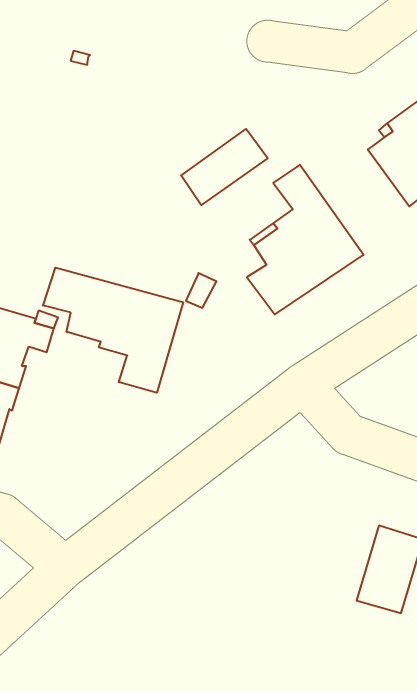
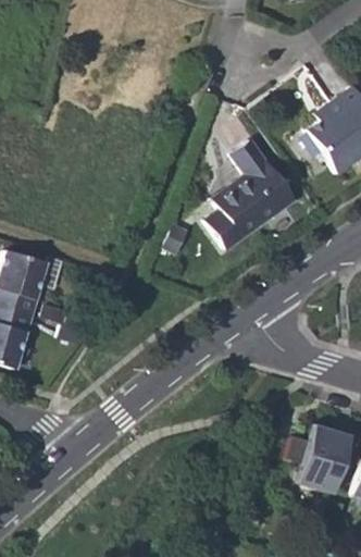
building: [181,129,268,205] -> none
building: [43,268,183,393] -> none

